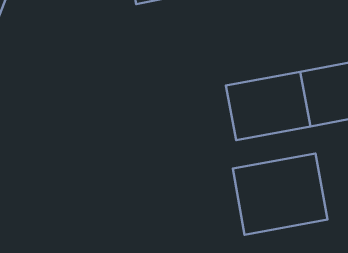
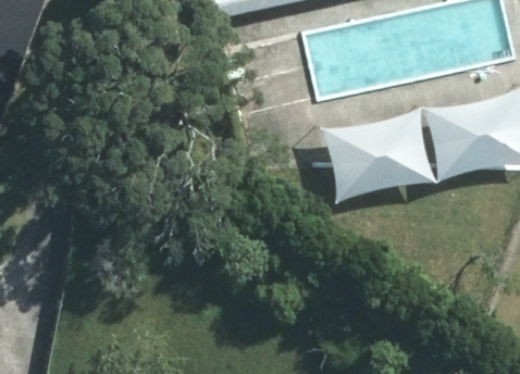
building: [233,153,327,235] -> none

